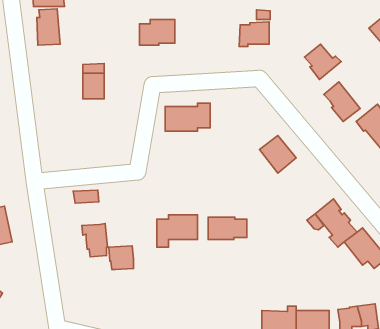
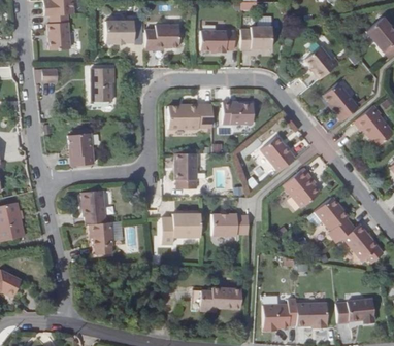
building: none -> [104,21,133,44]
building: none -> [201,31,235,54]
building: none -> [224,104,255,126]
building: none -> [70,128,97,164]
building: none -> [176,152,199,188]
building: none -> [285,168,322,208]
building: [109,246,133,270] -> [84,200,107,222]
building: none -> [193,287,242,311]

